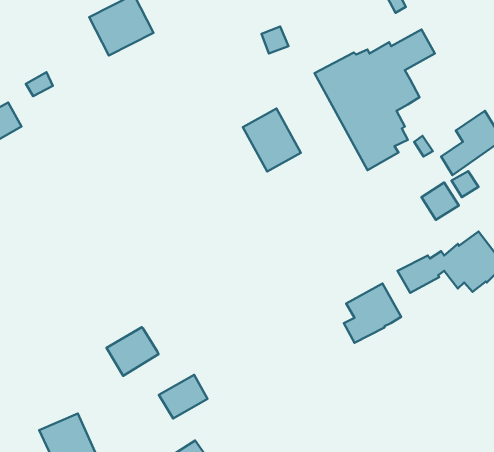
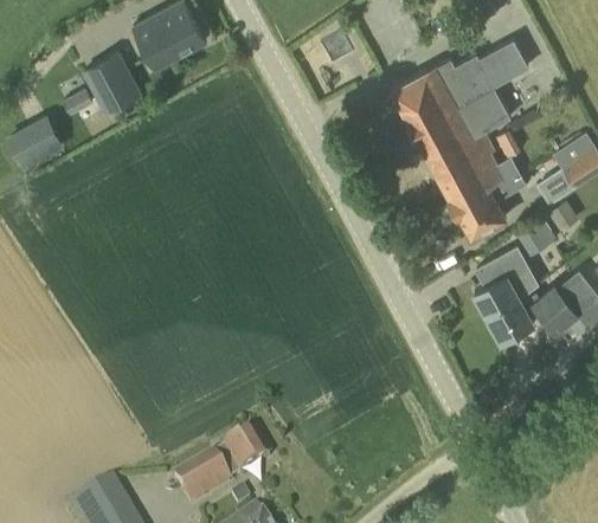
building: none -> [81,51,141,114]
building: [243,109,301,171] -> none
building: none -> [451,166,508,238]
building: [344,284,401,343] -> [474,247,539,315]
building: [107,327,158,376] -> [172,454,231,510]

